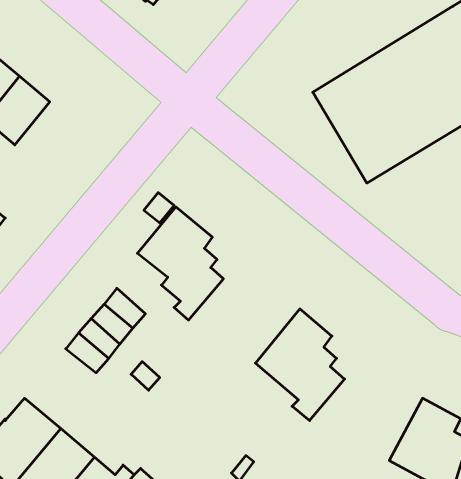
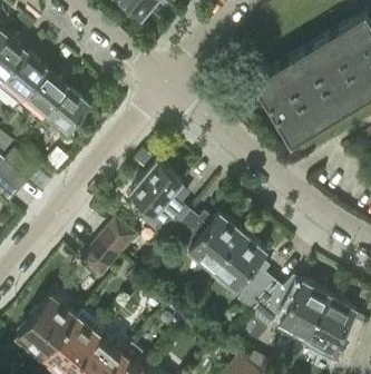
building: none -> [43,88,89,136]
building: none -> [165,211,243,270]
building: none -> [250,280,329,338]

